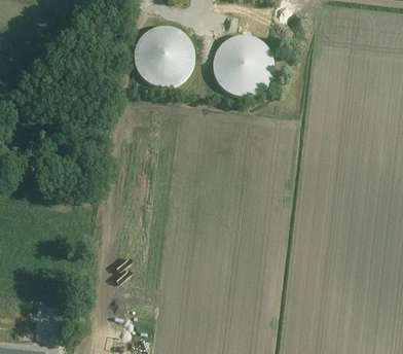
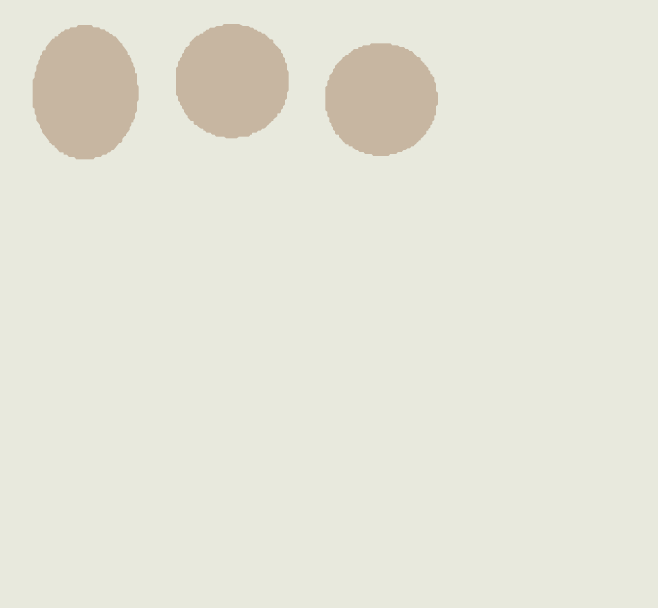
building: none -> [32,24,140,160]

